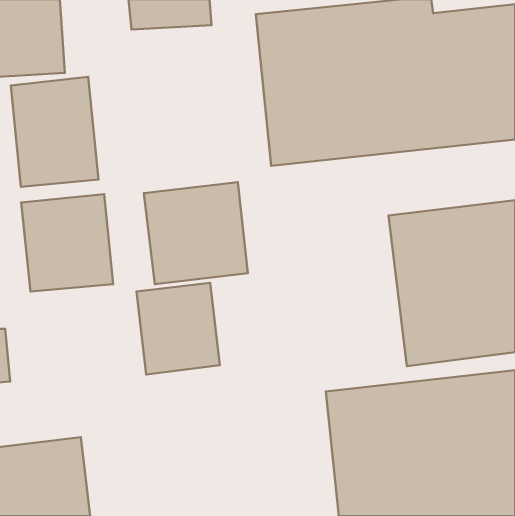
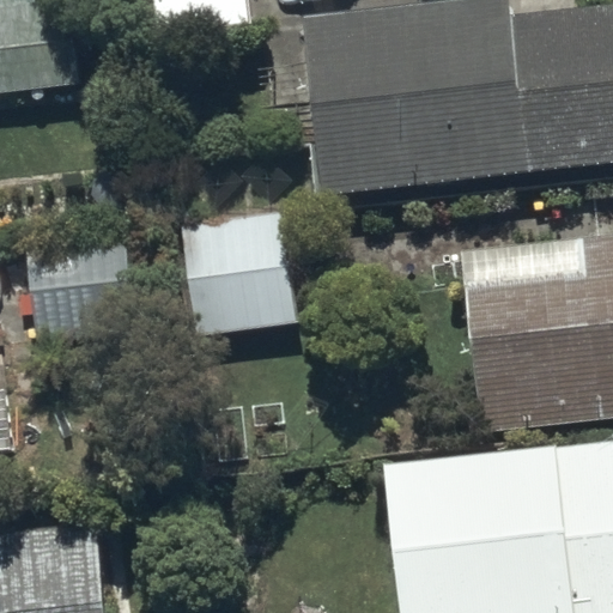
building: [11,77,98,187] -> none
building: [136,283,220,375] -> none

